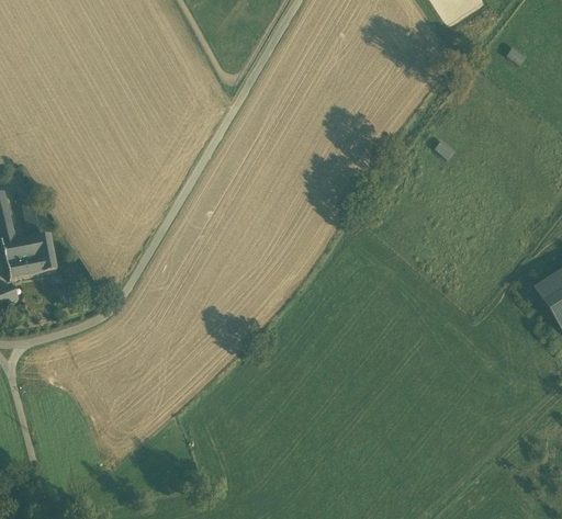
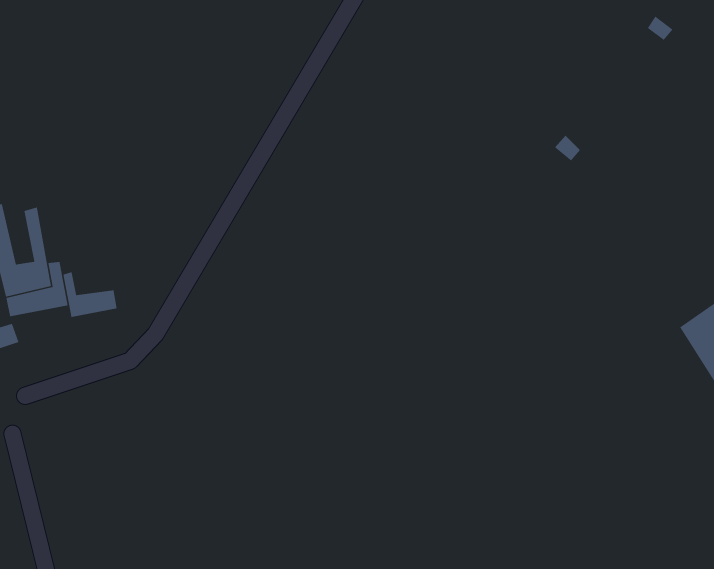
building: none -> [63,271,117,318]

